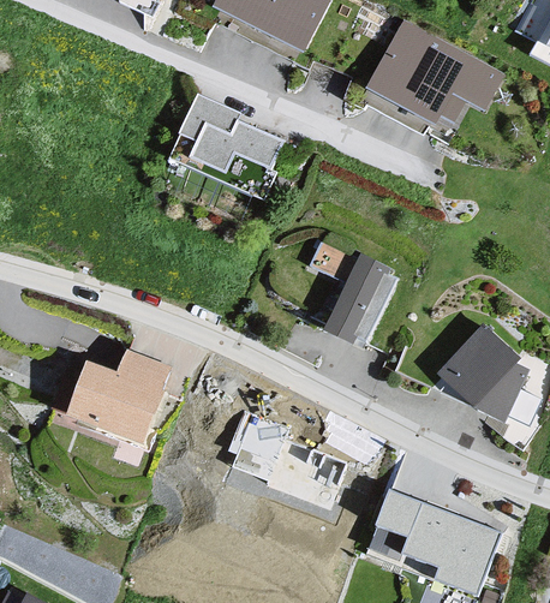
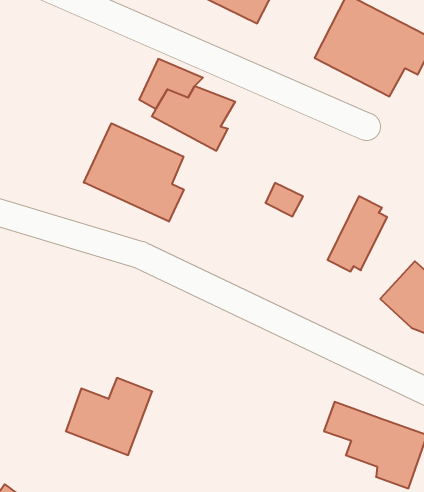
building: none -> [84,123,184,222]
building: [325,253,394,340] -> [328,196,387,271]
building: [68,351,168,440] -> [66,378,152,455]
building: [233,412,343,505] -> none

